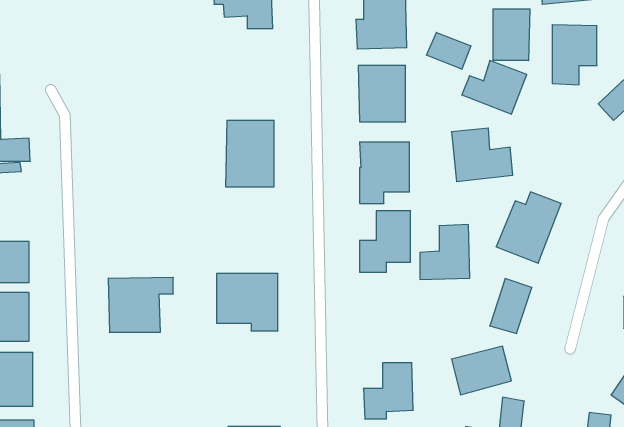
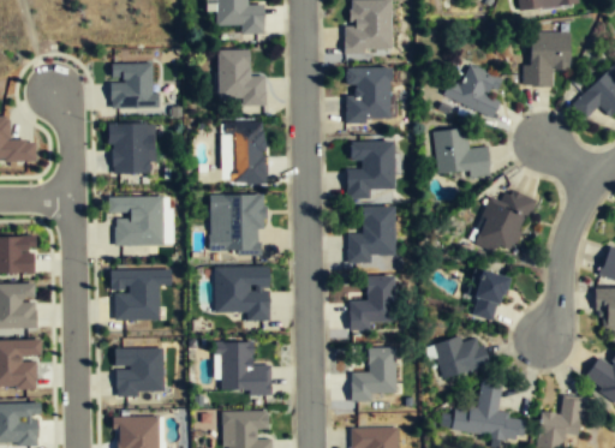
building: [493,9,530,61] -> none
building: [427,32,471,69] -> none
building: none -> [217,48,267,103]
building: none -> [111,62,159,107]
building: none -> [109,120,156,172]
building: none -> [210,191,265,253]
building: none -> [109,196,167,246]
building: [420,225,470,279] -> [350,275,396,327]
building: none -> [215,340,271,394]
building: none -> [114,346,163,394]

